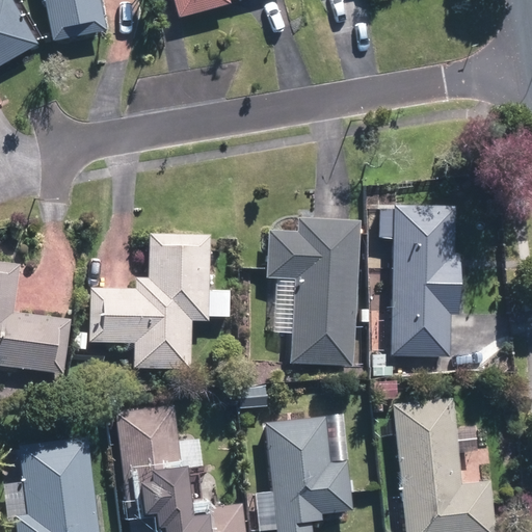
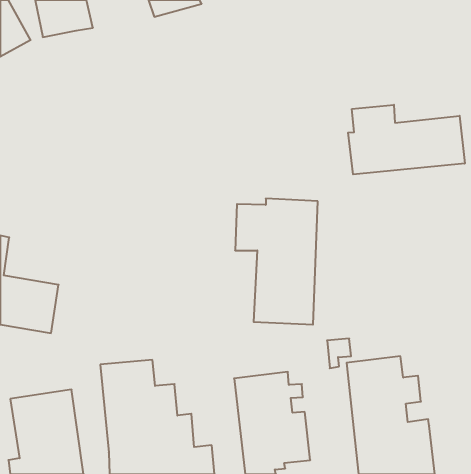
building: none -> [348,105,465,174]
building: [378,206,481,357] -> none
building: [70,233,230,368] -> none

